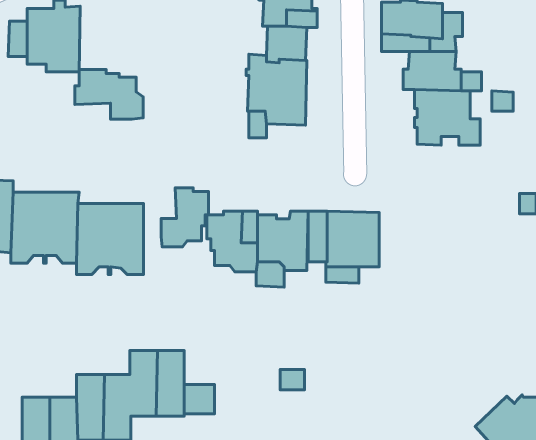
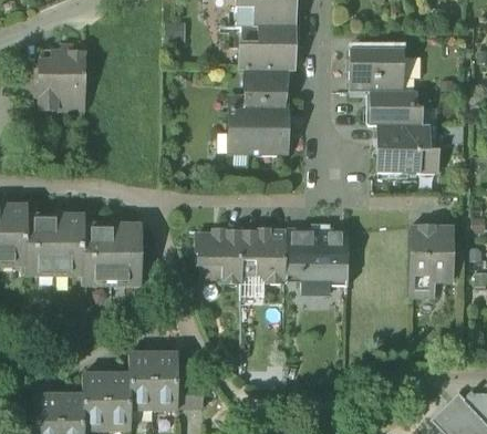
building: [75,70,143,119] -> none
building: [161,188,209,247] -> none
building: none -> [410,226,452,297]

